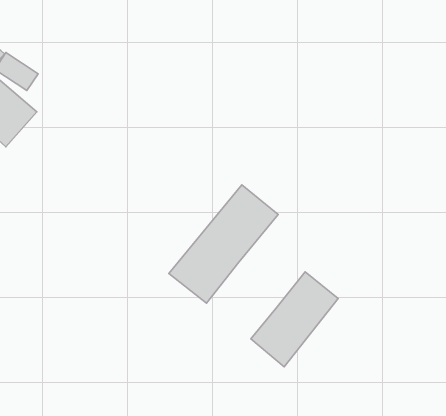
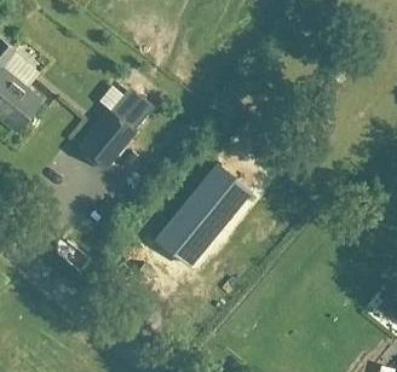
building: none -> [75,95,146,172]
building: [251,272,338,367] -> none

